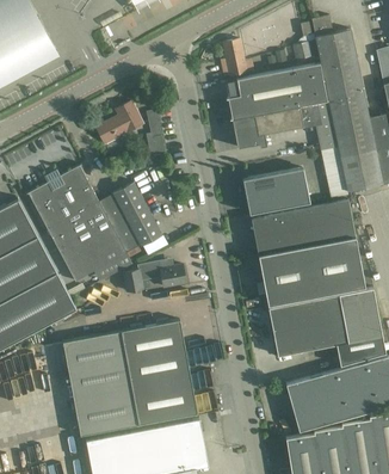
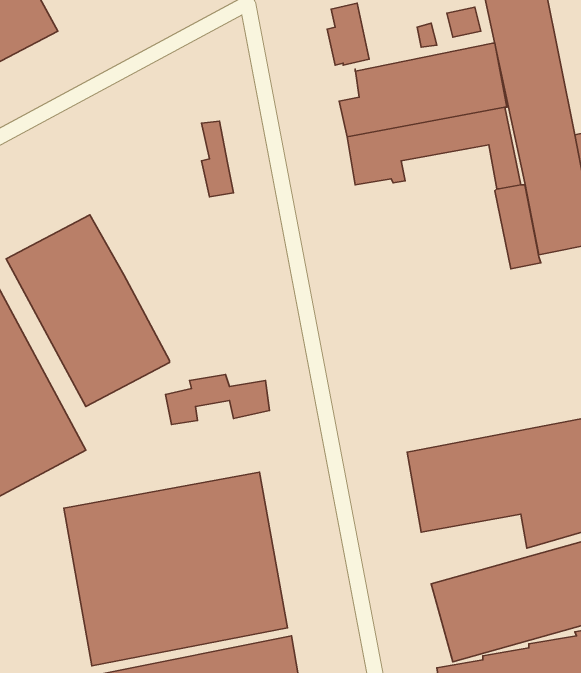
building: [97,101,143,144] -> none
building: [245,168,308,213] -> none
building: [99,181,166,253] -> none
building: [252,199,364,304] -> none

